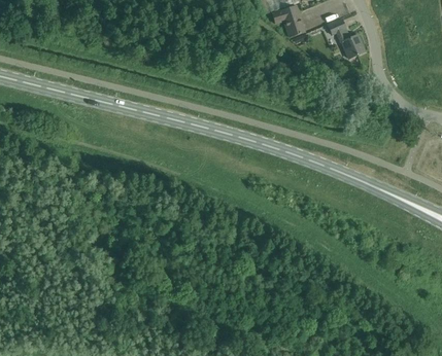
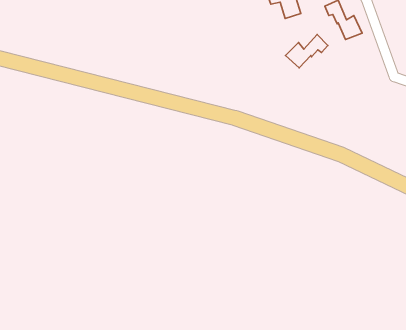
building: none -> [286,34,328,68]

